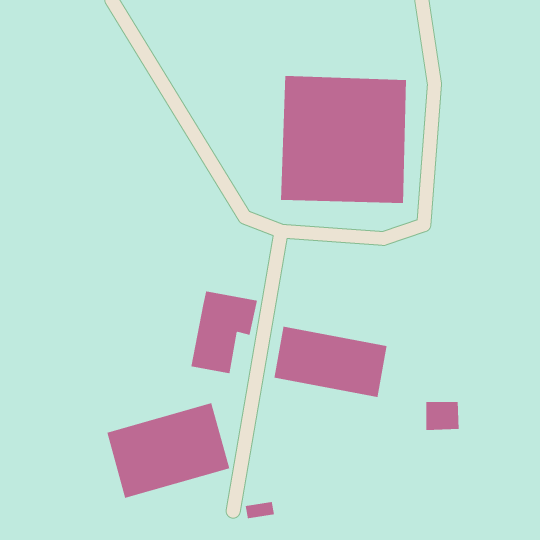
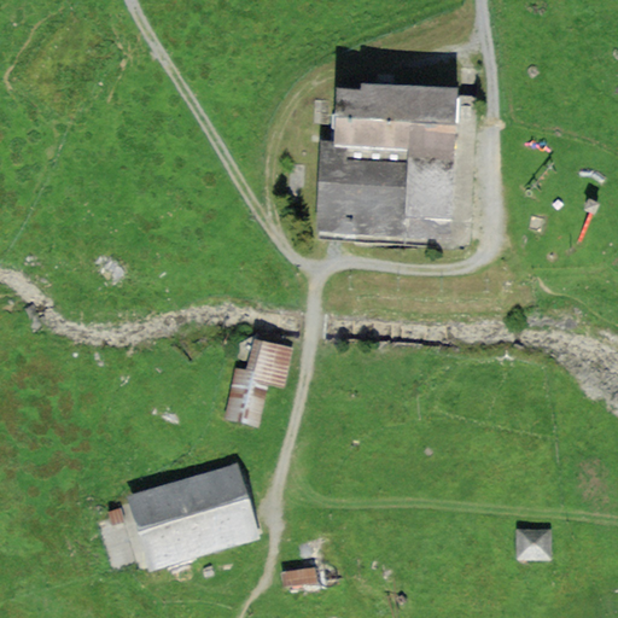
building: [274,326,387,398] -> none
building: [425,402,460,430] -> [514,525,553,558]

